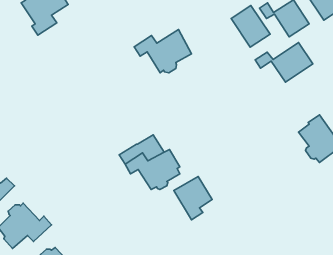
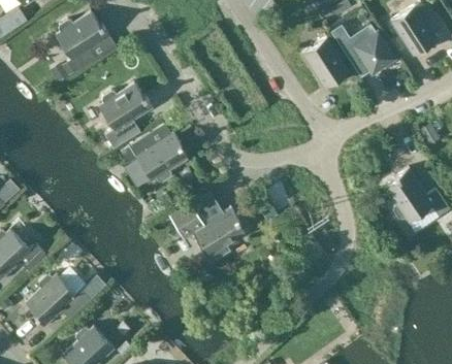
building: [134,29,191,73] -> [123,131,191,183]
building: [255,43,313,82] -> none
building: none -> [99,82,154,132]
building: [174,176,212,220] -> none

